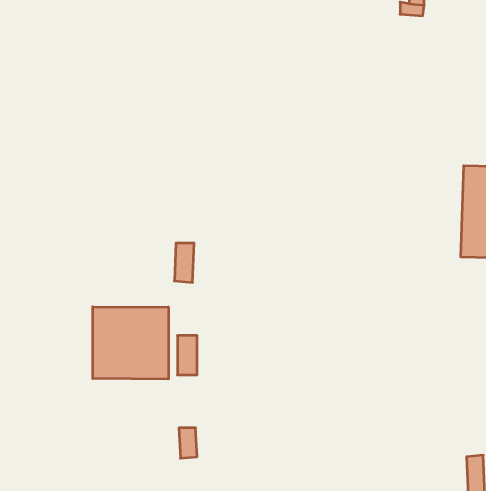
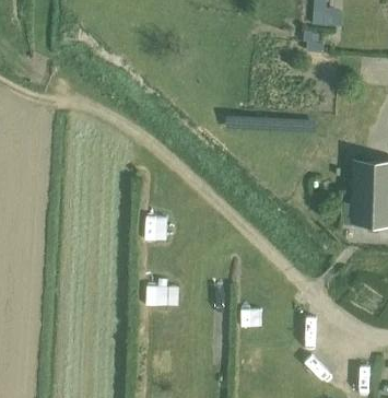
building: [93,307,168,379] -> none

